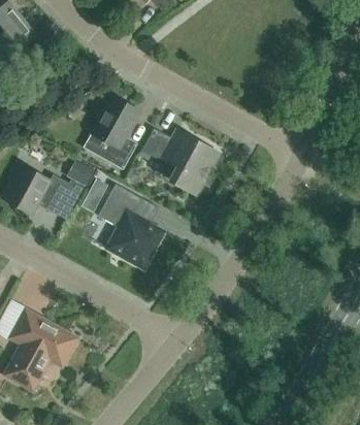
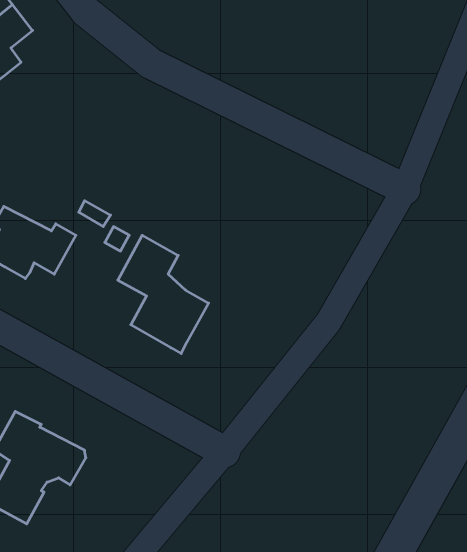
building: [91,96,140,169] -> none
building: [143,129,219,194] -> none

